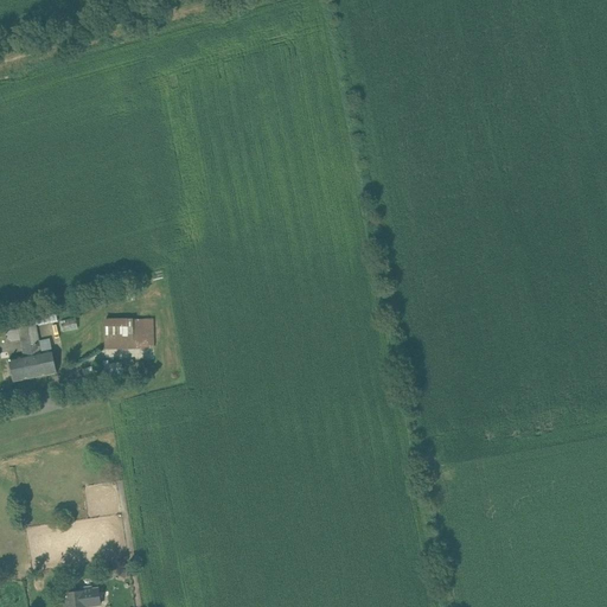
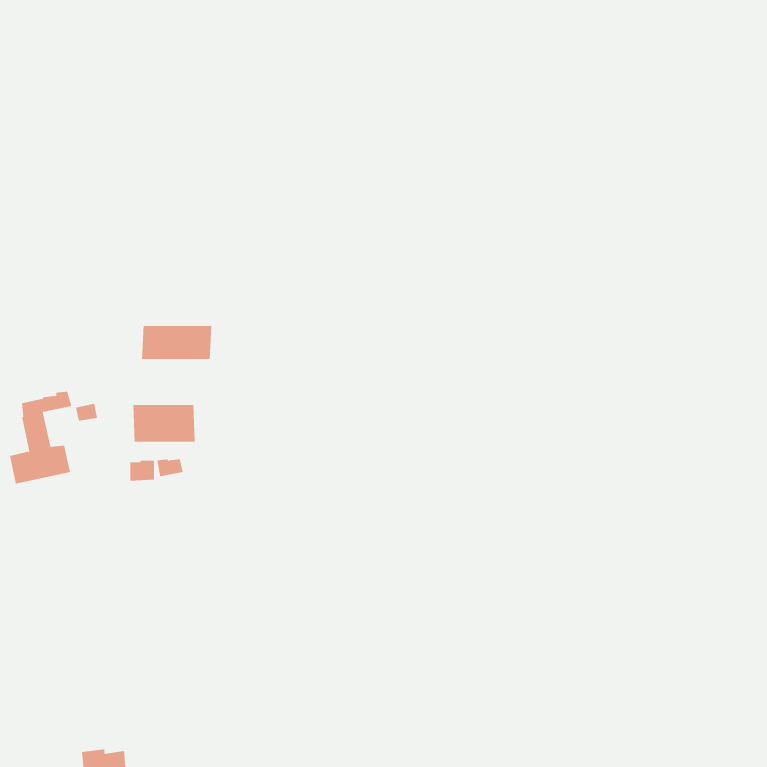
building: none -> [142,325,212,360]

